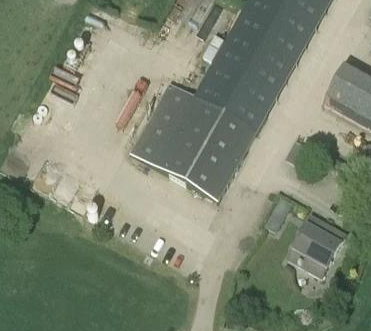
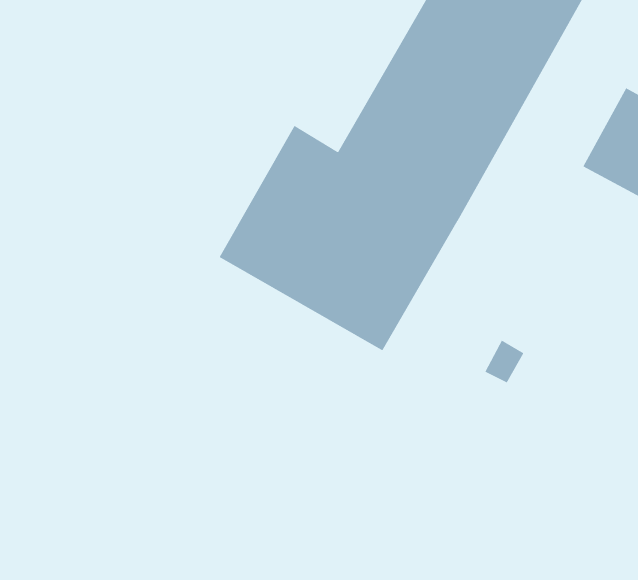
building: [287,219,344,275] -> none

